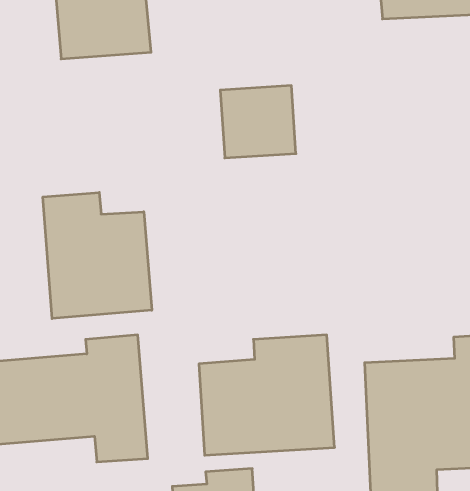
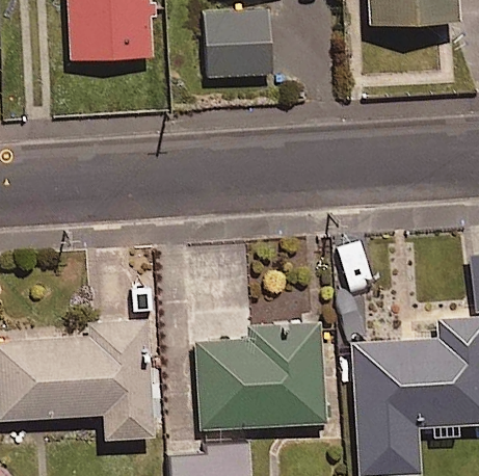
building: [220,86,296,158] -> [201,11,271,79]
building: [43,192,152,319] -> none

